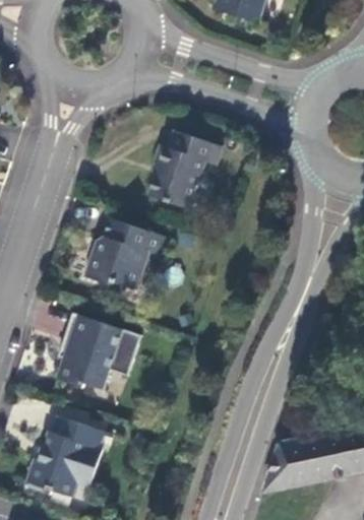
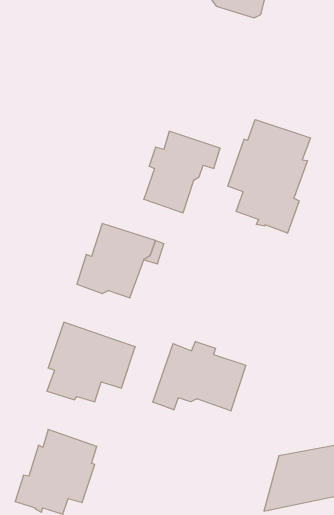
building: none -> [228,120,311,233]
building: none -> [153,341,246,411]

